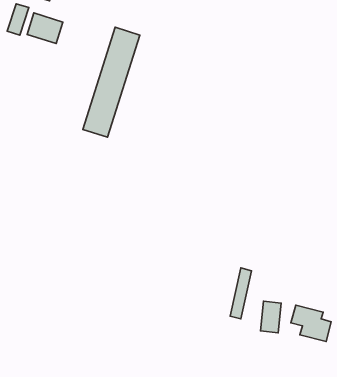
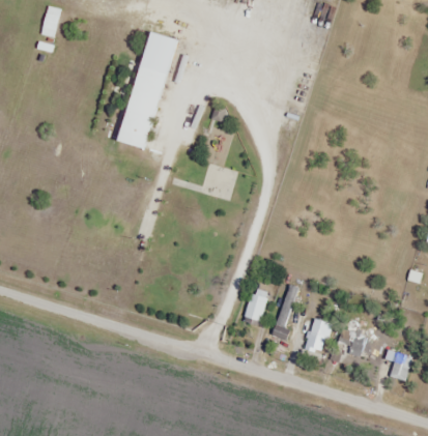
building: [27,13,63,44] -> none
building: none -> [242,288,267,322]

